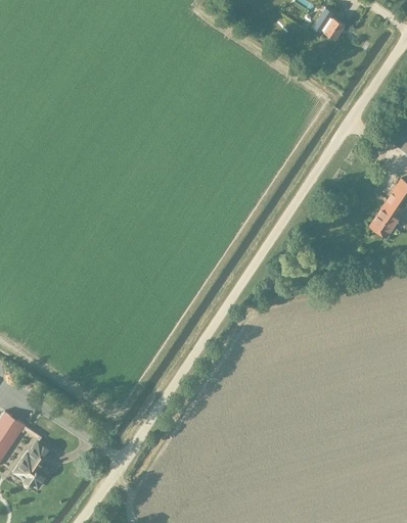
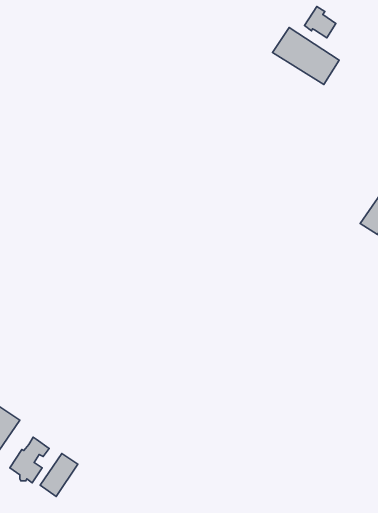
building: none -> [273,28,339,84]
building: none -> [40,454,78,497]

